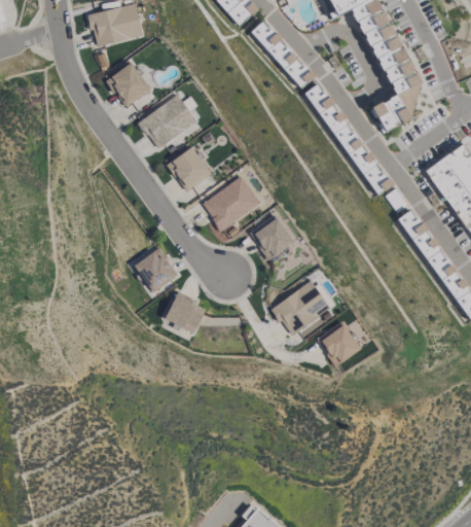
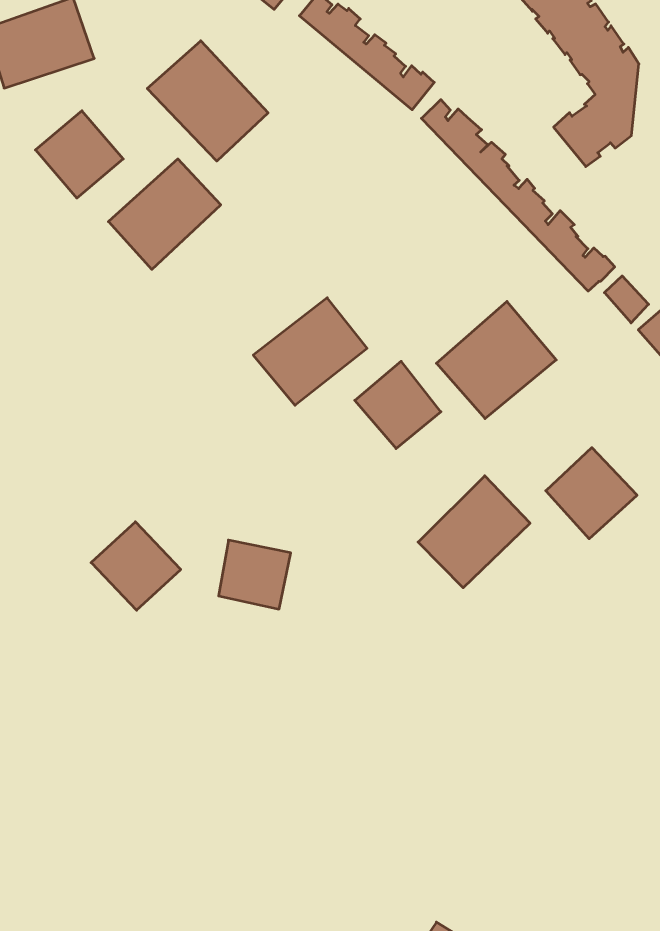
building: none -> [147,41,268,161]
building: [168,147,211,191] -> none
building: none -> [436,301,556,419]
building: [134,247,179,292] -> [91,522,181,610]
building: [317,320,363,366] -> [546,448,637,539]

